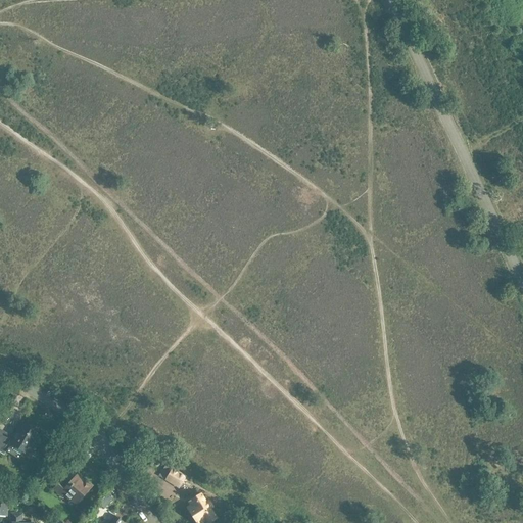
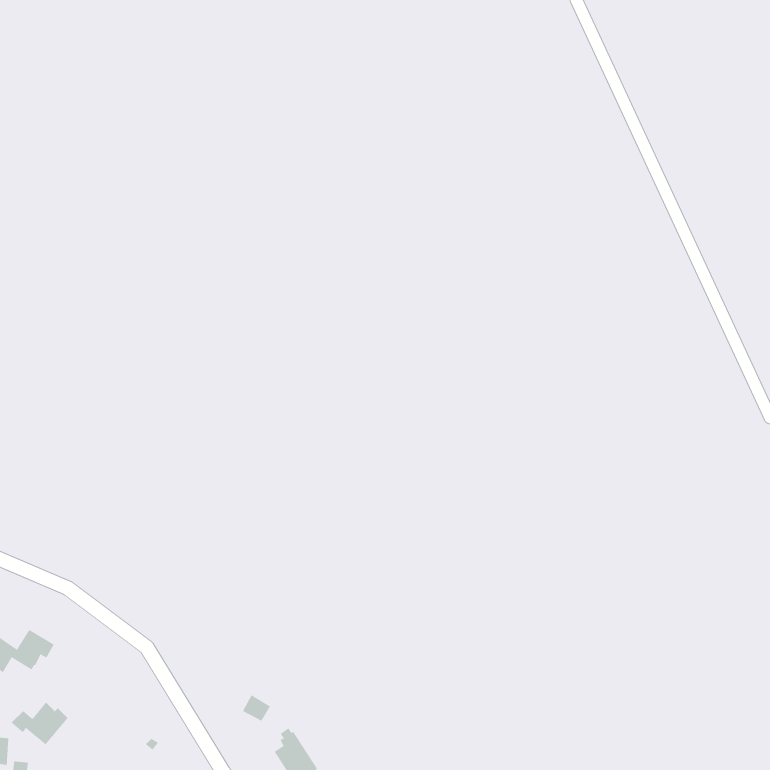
building: [51,477,90,507] -> [11,701,68,745]

